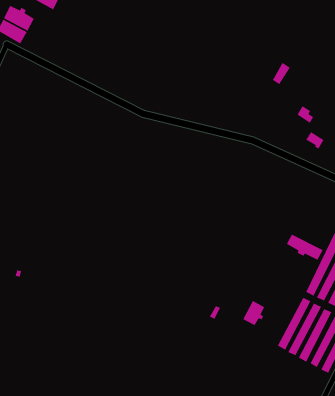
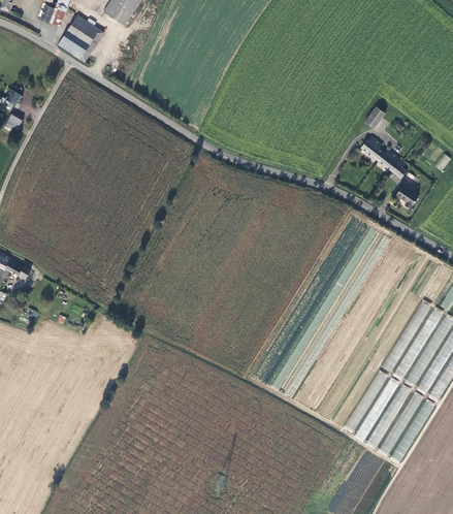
building: none -> [362,136,395,167]
building: [286,233,324,261] -> none
building: [242,300,265,326] -> none

